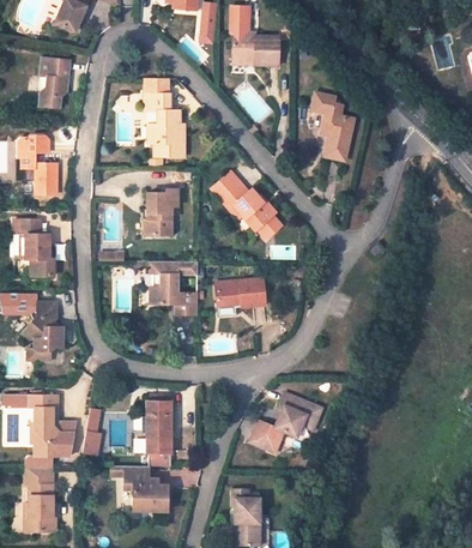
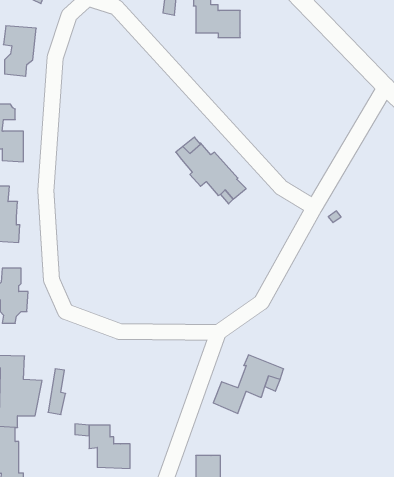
building: [145,79,186,156] -> none
building: [311,92,353,161] -> none
building: [145,191,178,236] -> none
building: [137,260,198,315] -> none
building: [216,279,266,307] -> none
building: [133,395,173,465] -> none

